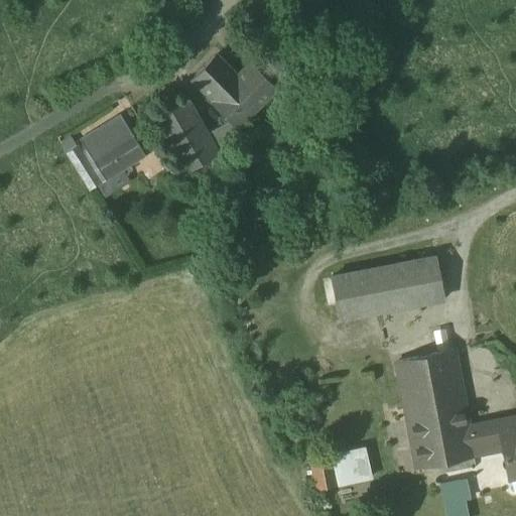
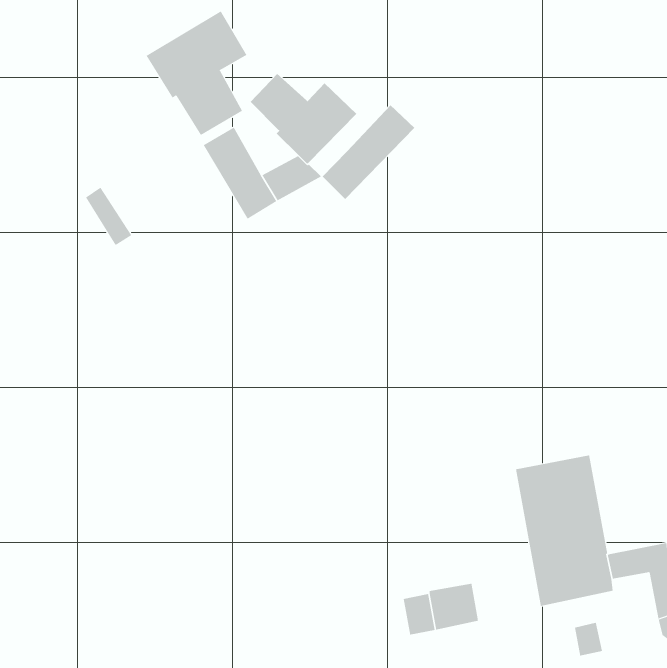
building: none -> [146,11,247,136]
building: none -> [322,104,415,200]
building: [82,115,145,179] -> none
building: [332,257,445,318] -> none

